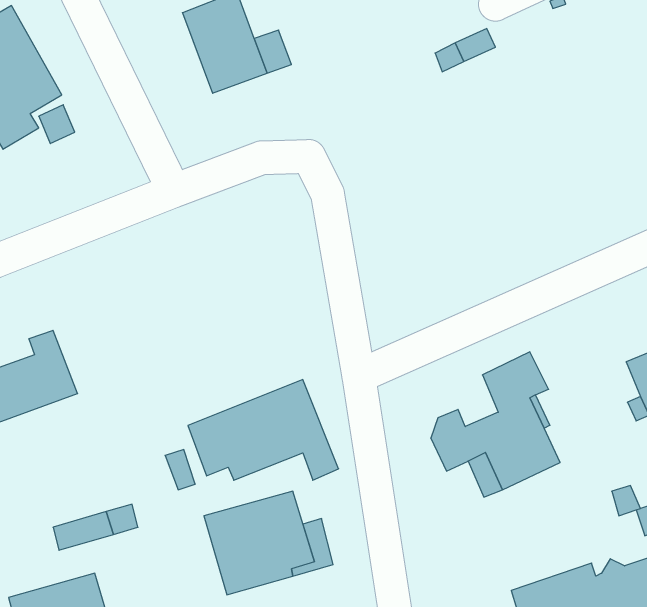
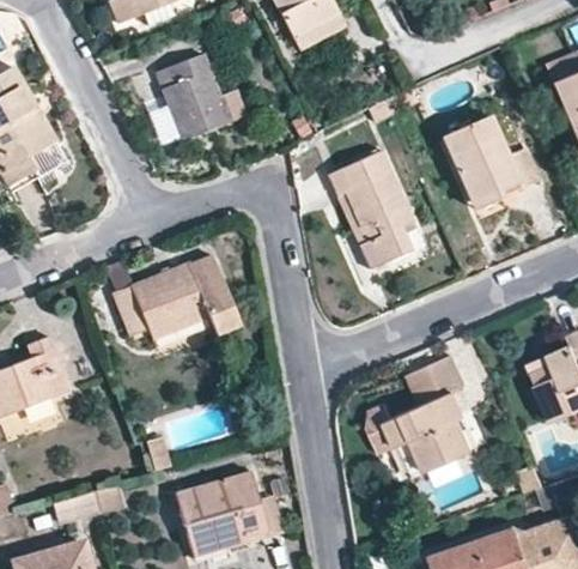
building: none -> [442,116,537,205]
building: none -> [328,150,422,267]
building: [188,380,339,480] -> [114,254,239,338]

